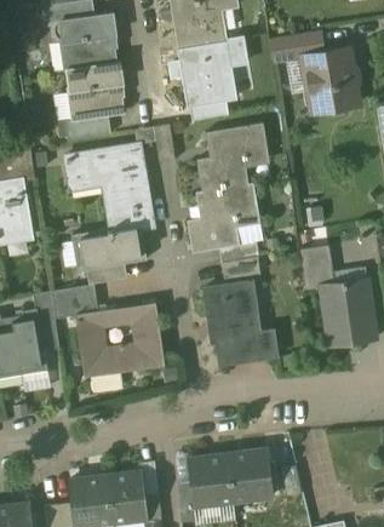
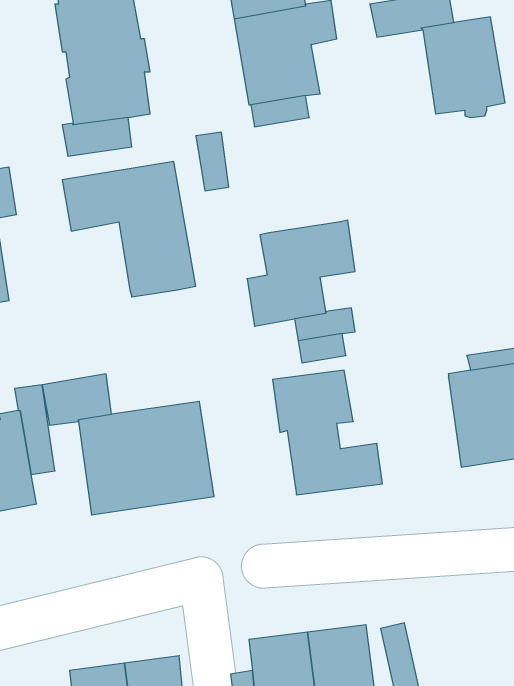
building: [197,122,269,190] -> none
building: [73,228,147,271] -> none
building: [299,248,336,288] -> none

